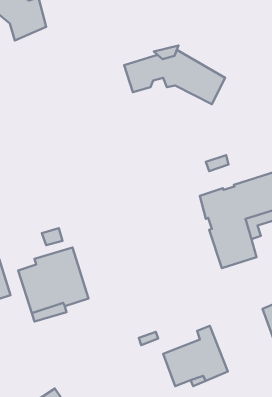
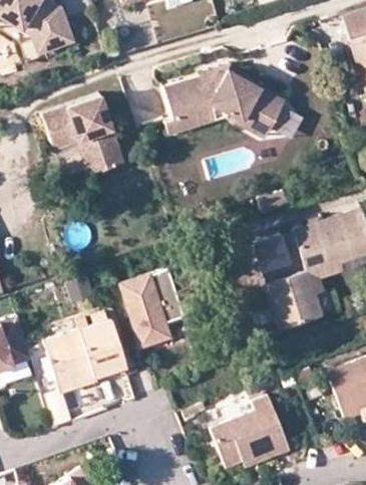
building: none -> [42,95,120,174]
building: none -> [165,103,268,142]
building: none -> [121,269,184,345]

